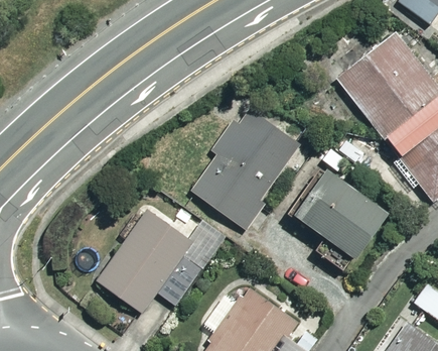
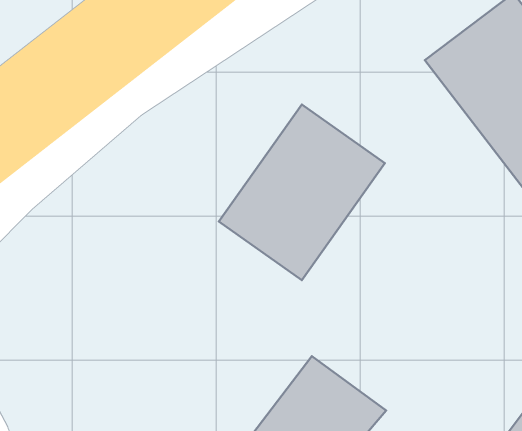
building: [298,176,390,262] -> none
building: [96,209,196,315] -> none

